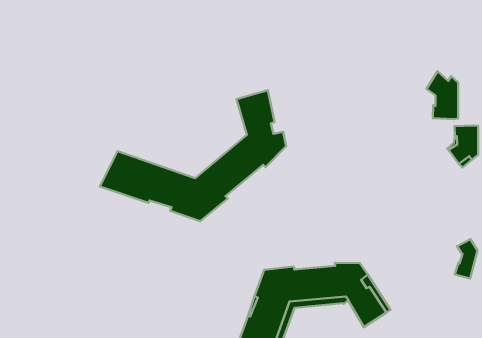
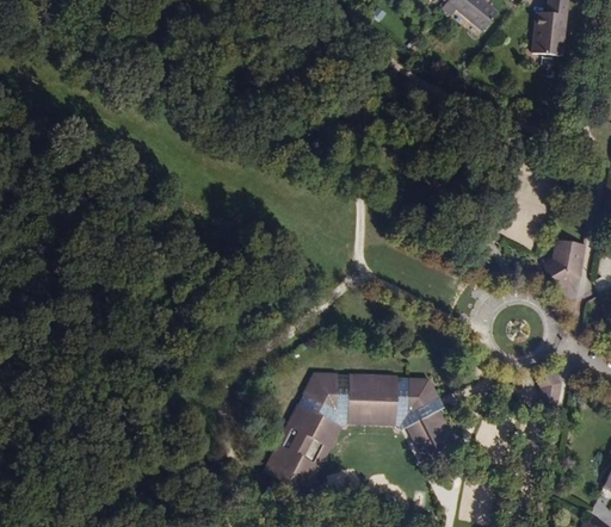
building: [426,71,458,119] -> none
building: [100,90,286,221] -> none

